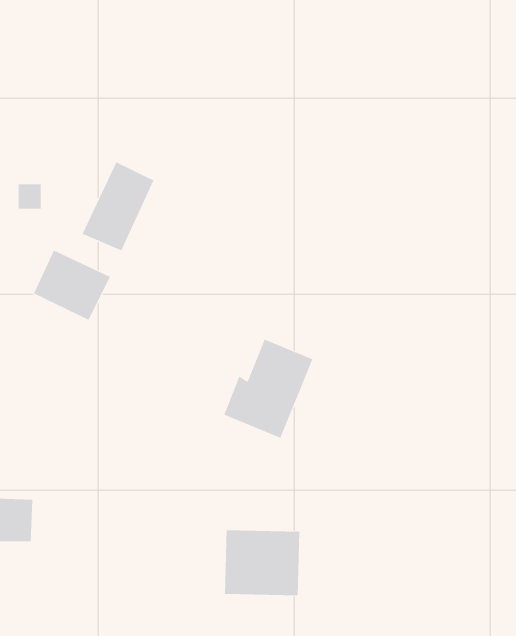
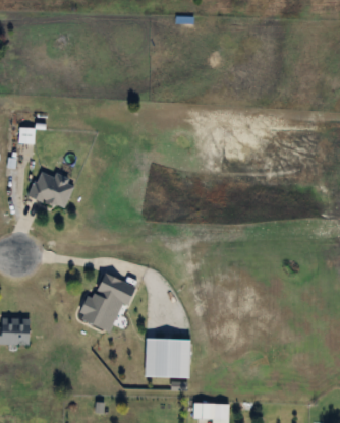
building: [82,162,154,251] -> none
building: [224,339,313,438] -> [78,274,132,334]

